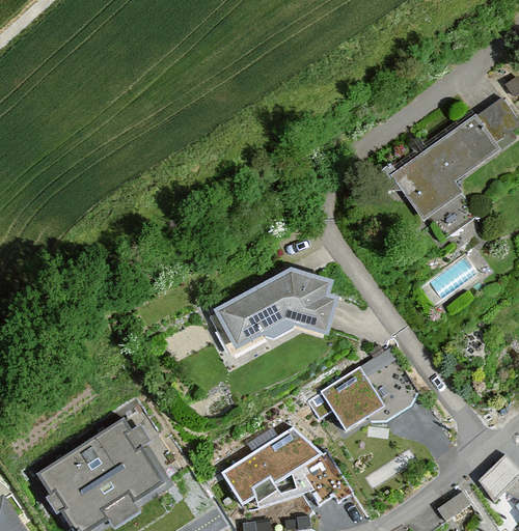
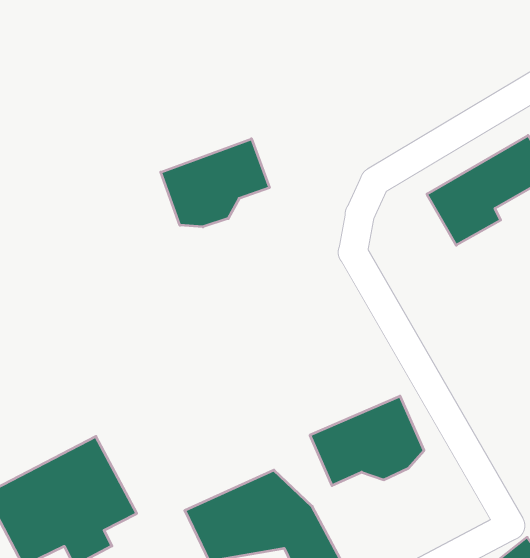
building: none -> [161,139,269,227]
building: [204,264,326,356] -> none

